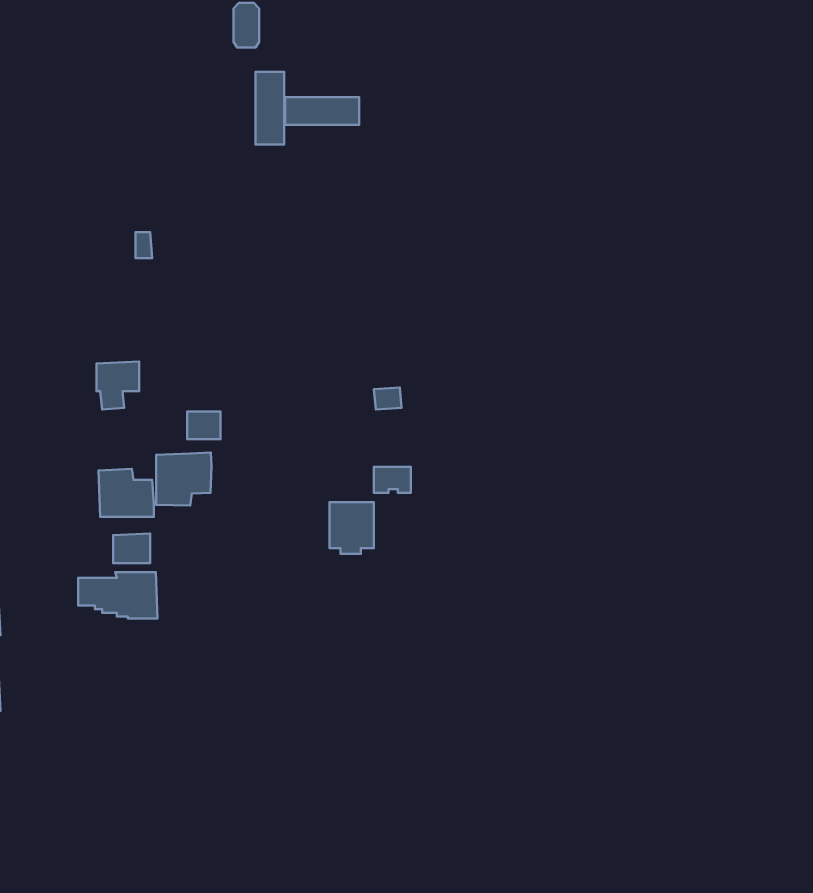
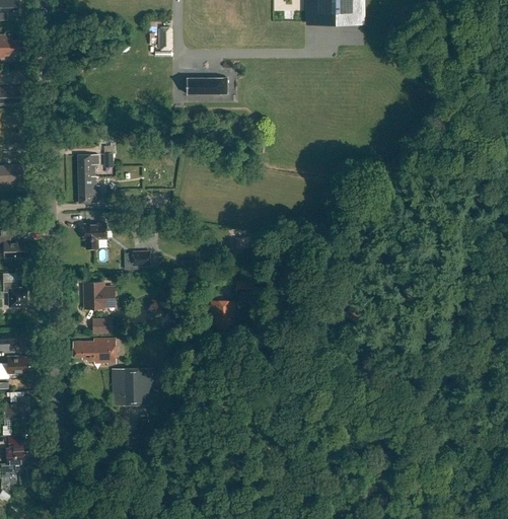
building: [256,72,284,145] -> none
building: none -> [78,154,99,204]
building: [156,453,211,506] -> none
building: none -> [112,368,155,405]

